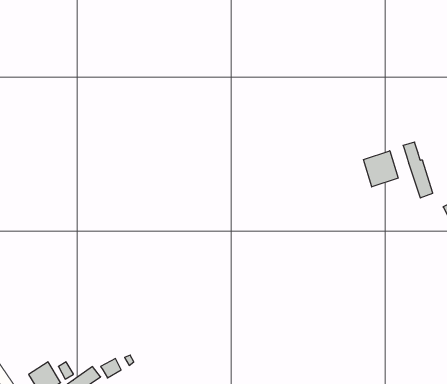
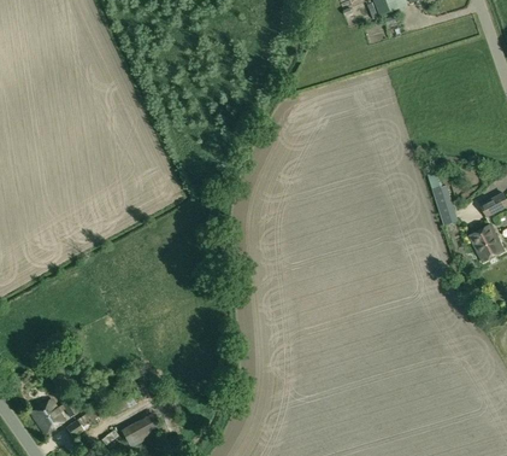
building: [363,151,398,187] -> none

